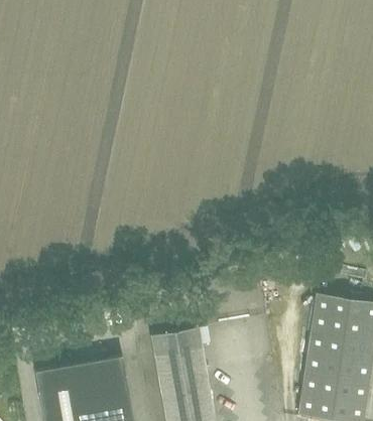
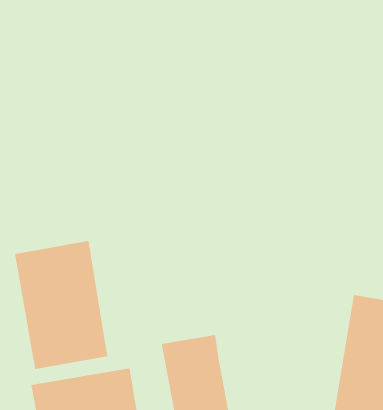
building: none -> [15,240,108,370]

